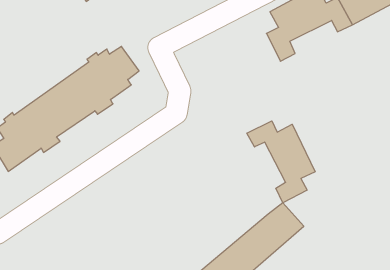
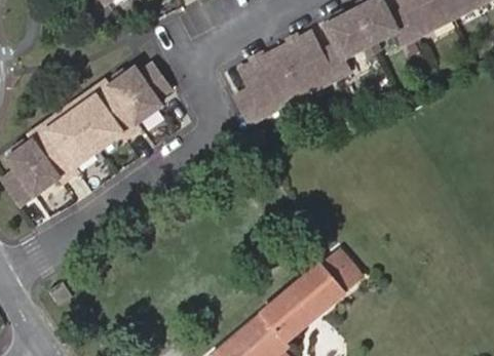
building: none -> [229,29,335,126]
building: [247,121,315,203] -> none

